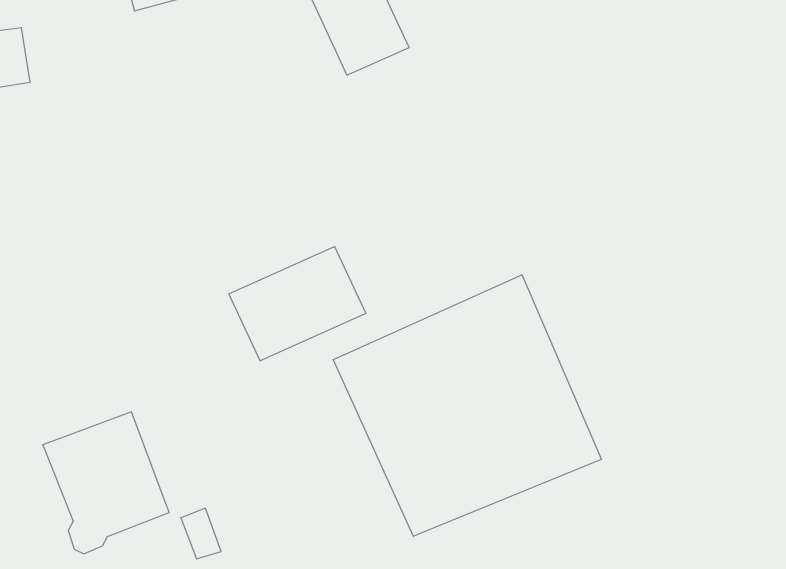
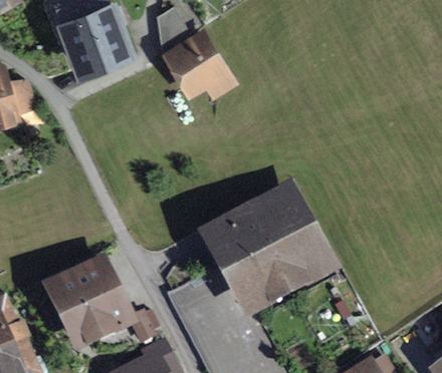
building: [229,246,366,361] -> none

